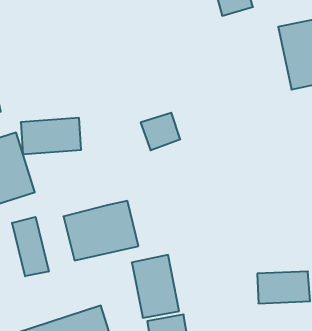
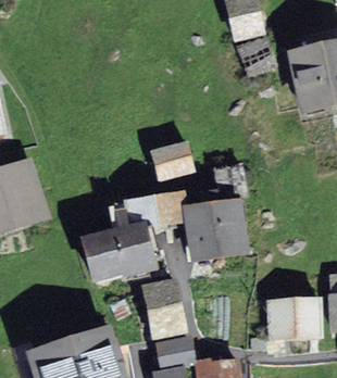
building: [21,118,81,154] -> [116,192,176,228]
building: none -> [189,198,242,244]
building: [12,217,49,276] -> none

